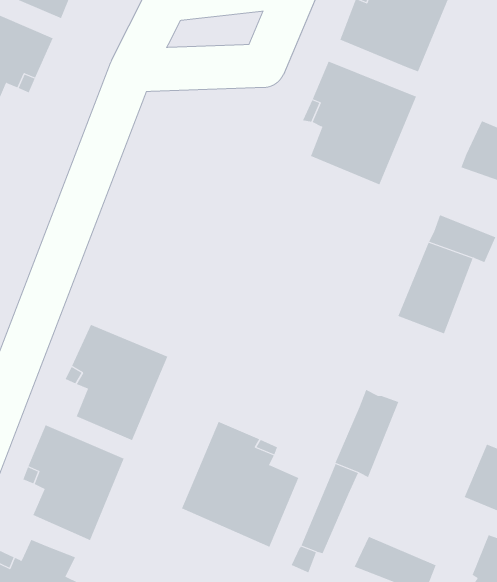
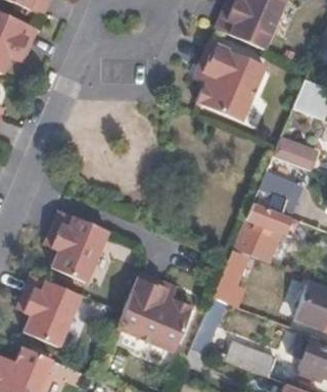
building: none -> [233,203,299,261]

